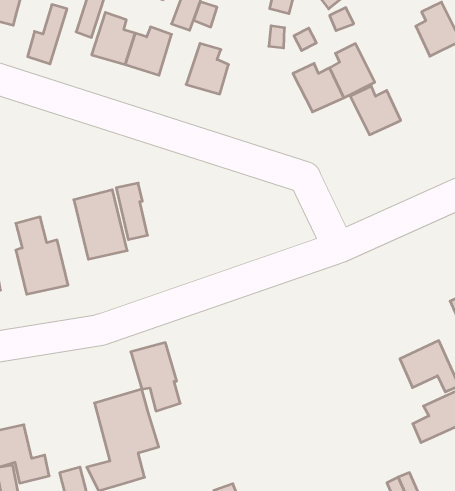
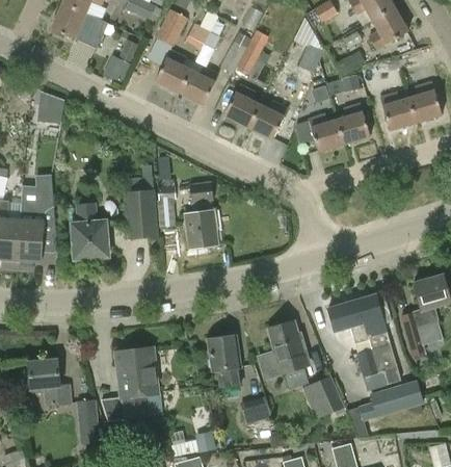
building: none -> [248,101,288,139]
building: [350,86,401,135] -> [379,93,416,130]
building: none -> [184,182,217,249]
building: none -> [326,290,392,344]
building: none -> [258,321,307,379]
building: [131,343,180,411] -> [207,336,239,388]
building: none -> [309,375,344,418]
building: none -> [240,396,271,424]

